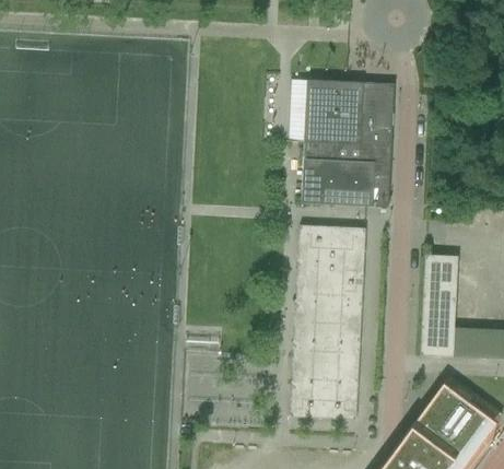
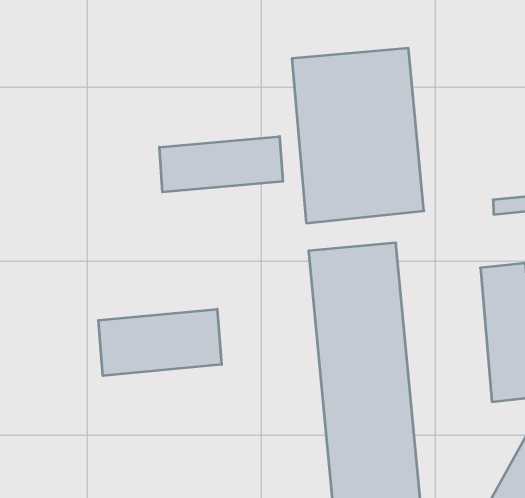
building: none -> [159,136,283,192]
building: none -> [98,309,222,376]

